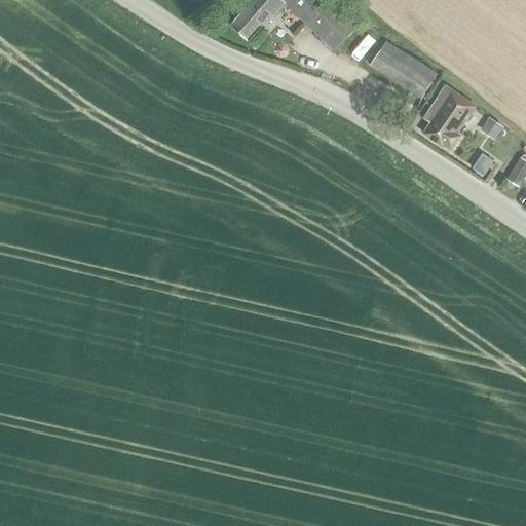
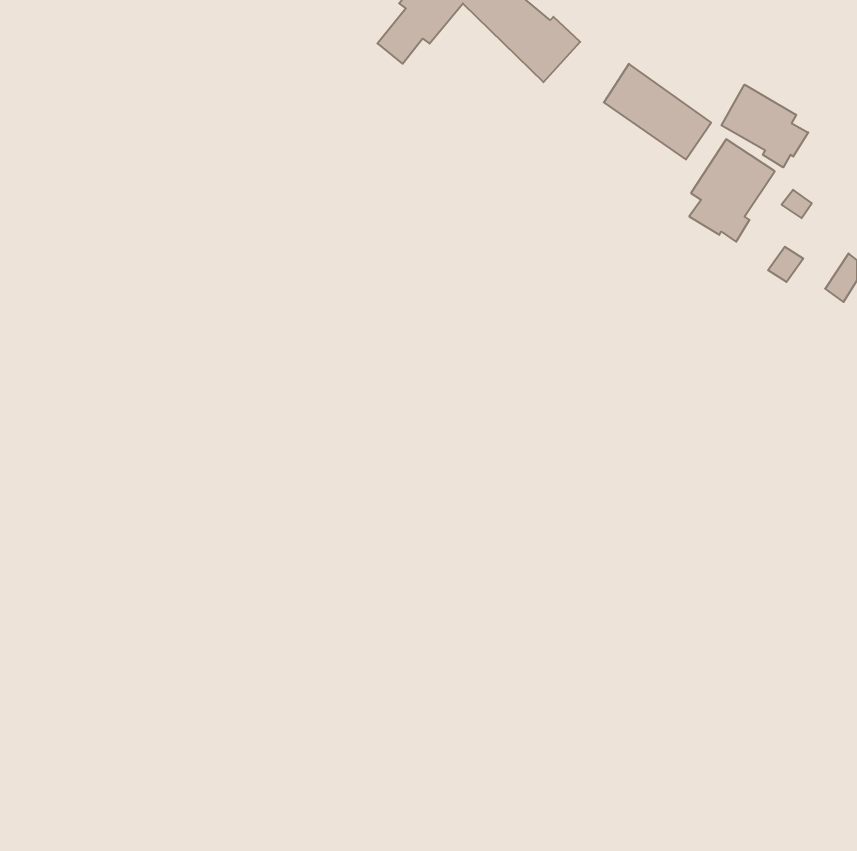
building: none -> [721,85,808,167]

